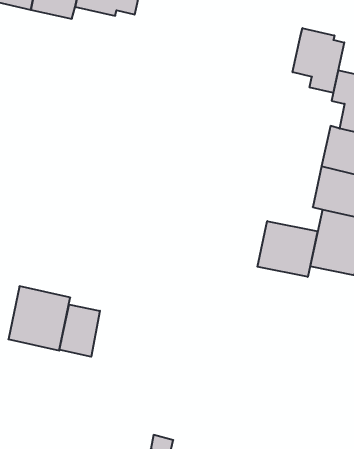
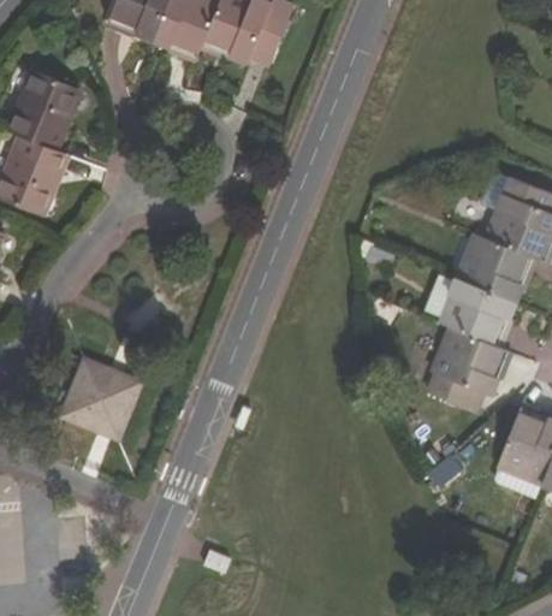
building: [293,28,344,93] -> none
building: [257,221,318,277] -> none
building: [60,304,100,357] -> none

